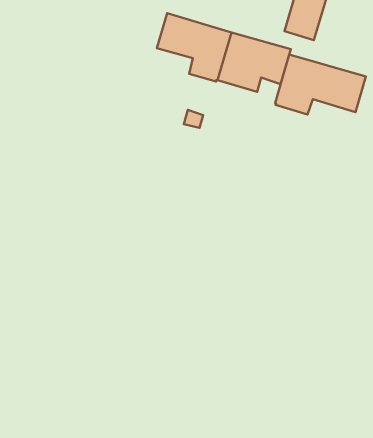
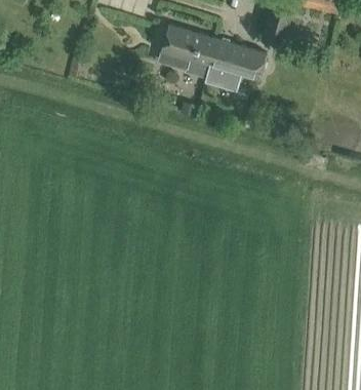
building: [275,54,366,115] -> none

